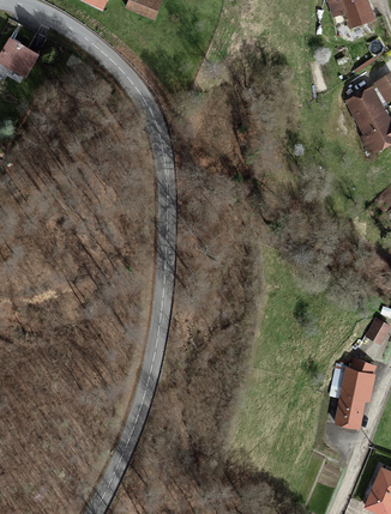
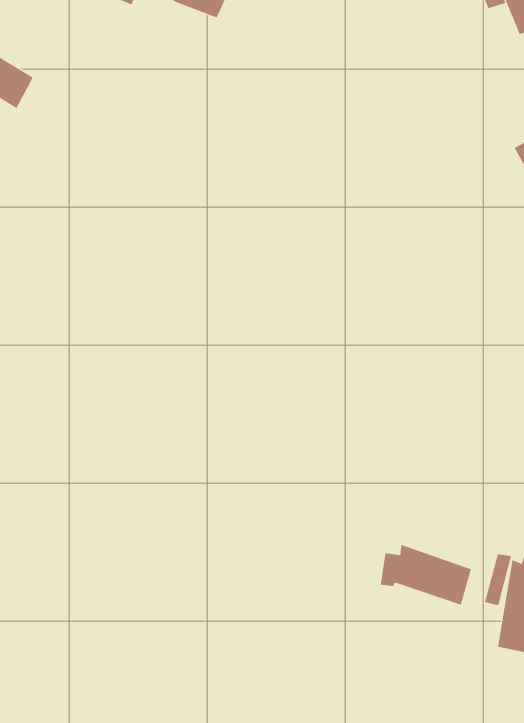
building: none -> [380,544,471,606]

